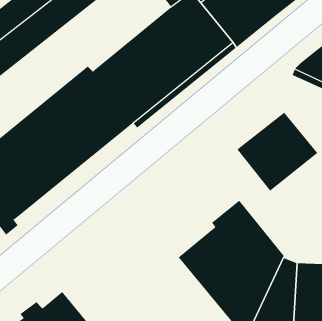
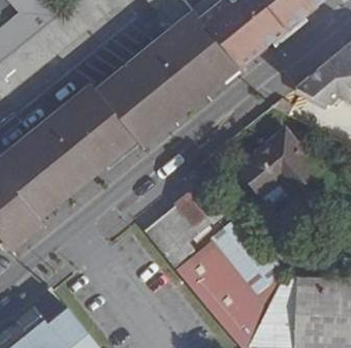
building: none -> [146,185,223,268]

